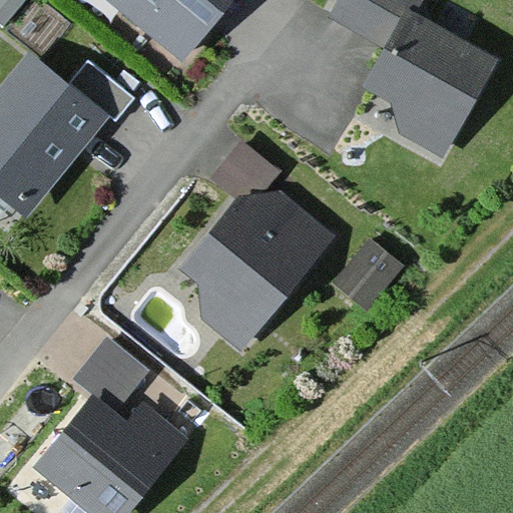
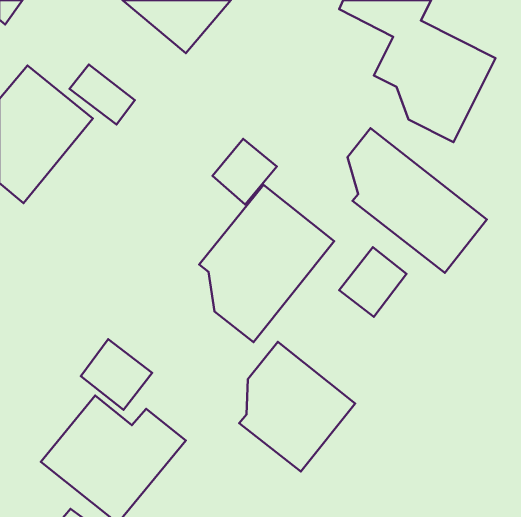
building: none -> [347,128,487,273]
building: none -> [239,342,355,472]

